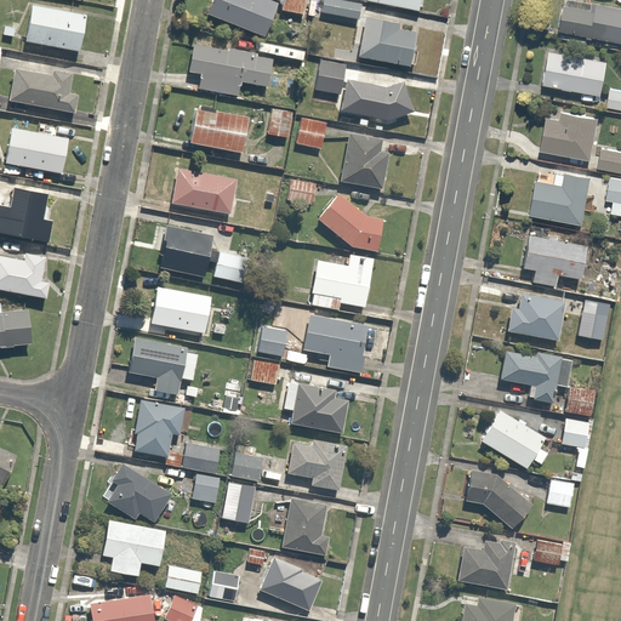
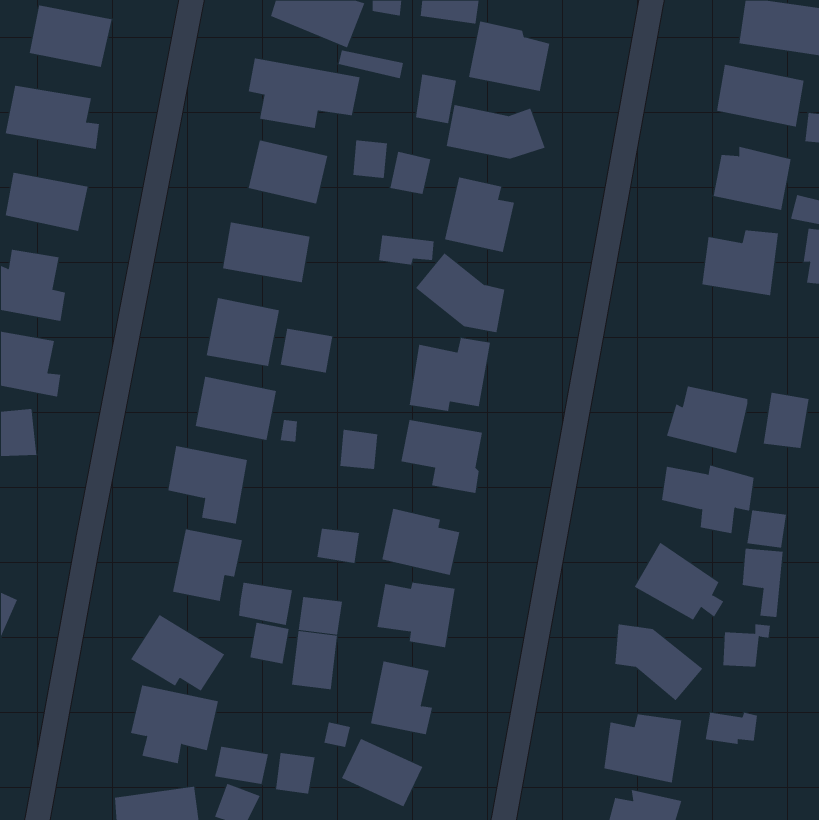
building: [523,237,587,287] -> none
building: [249,358,281,384] -> [316,528,360,564]

